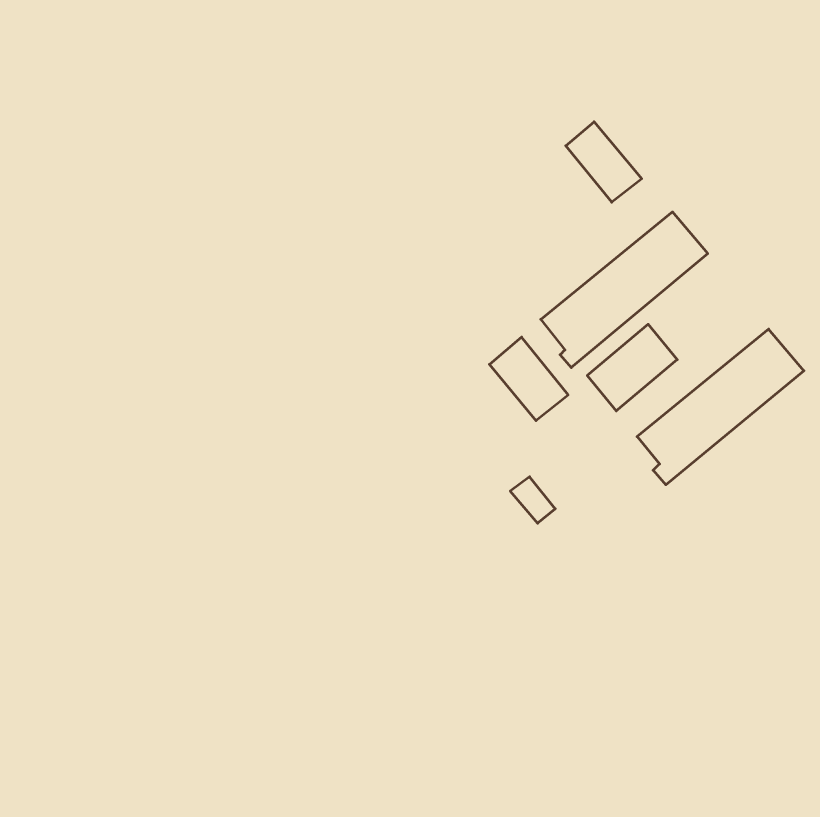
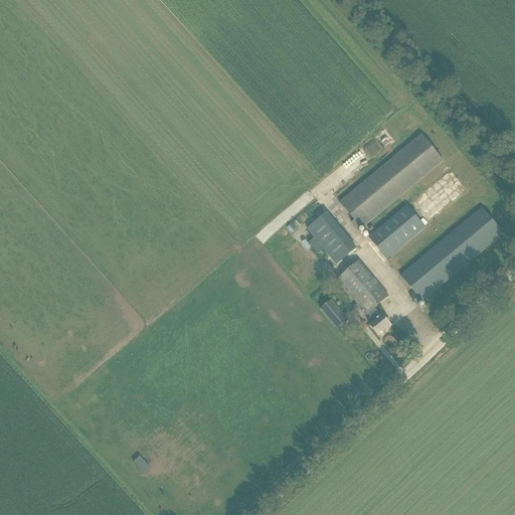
building: [566,122,642,202] -> none
building: none -> [337,260,391,335]

